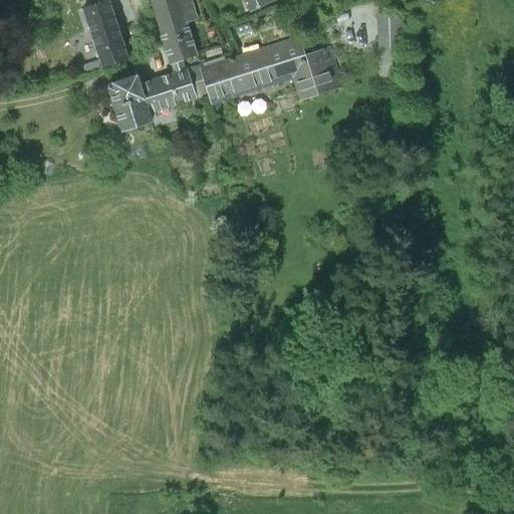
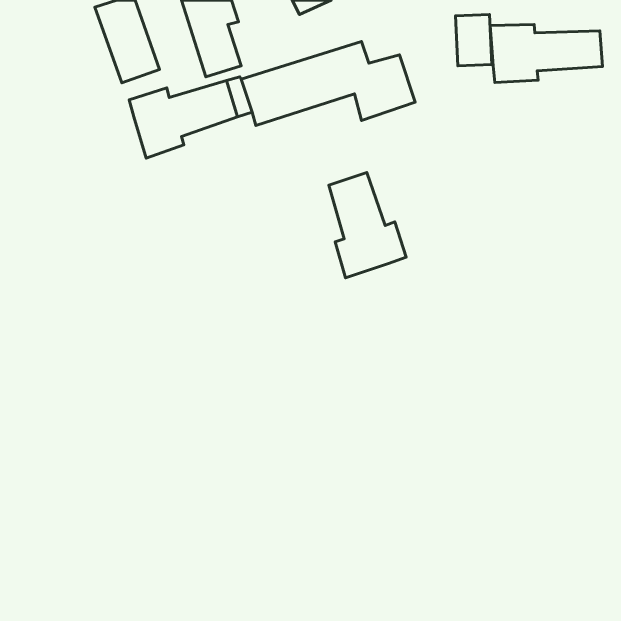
building: none -> [490,24,603,82]
building: none -> [329,172,406,278]

